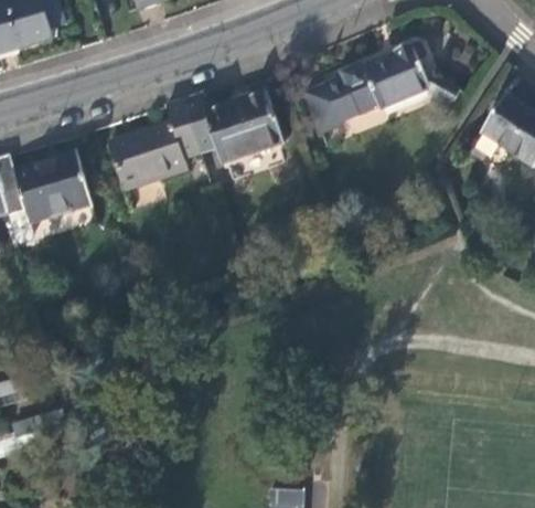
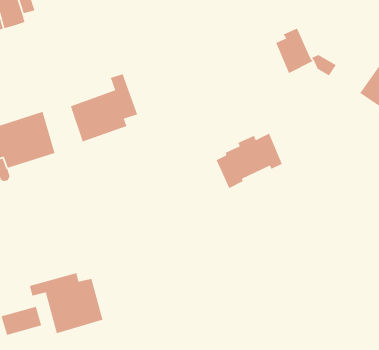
building: [308,60,397,135] -> [215,132,283,189]
building: [179,89,283,165] -> none
building: none -> [29,272,104,334]

